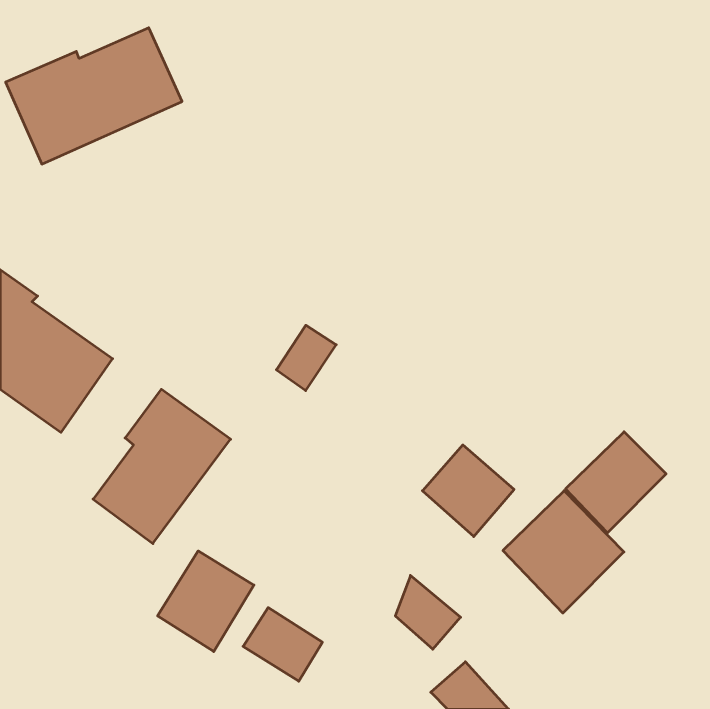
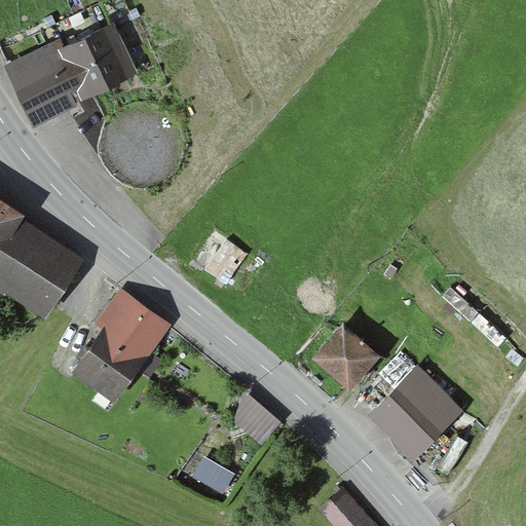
building: [566,432,666,533] -> none
building: [158,551,254,652] -> none
building: [395,575,461,649] -> [234,393,283,448]

